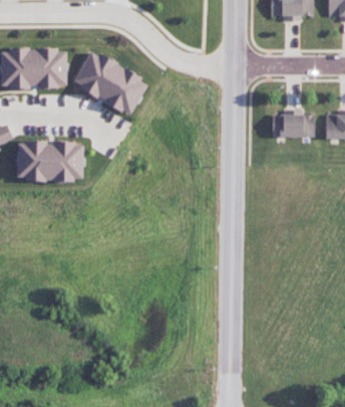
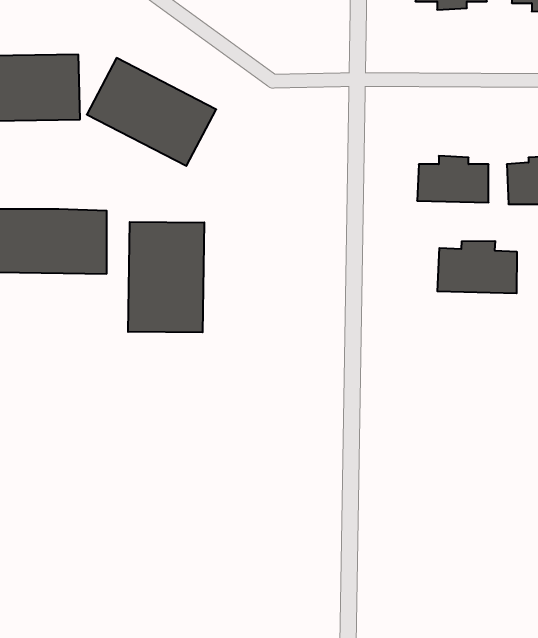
building: none -> [128,222,204,332]
building: none -> [437,241,517,293]

